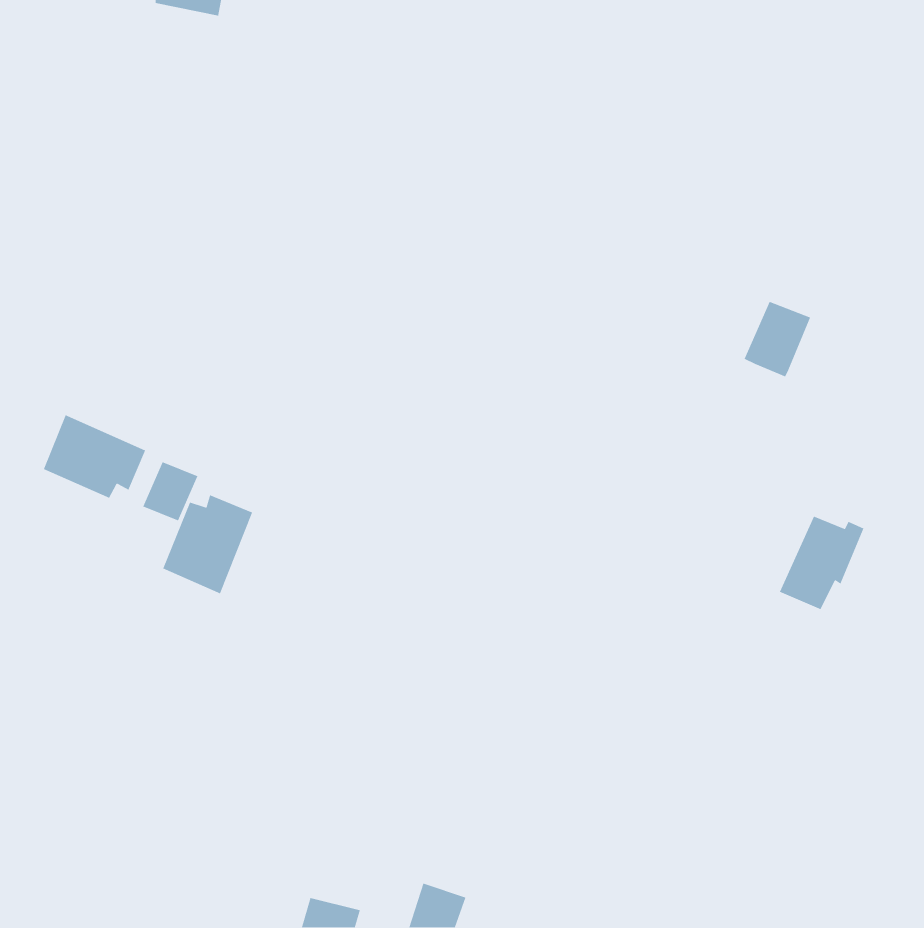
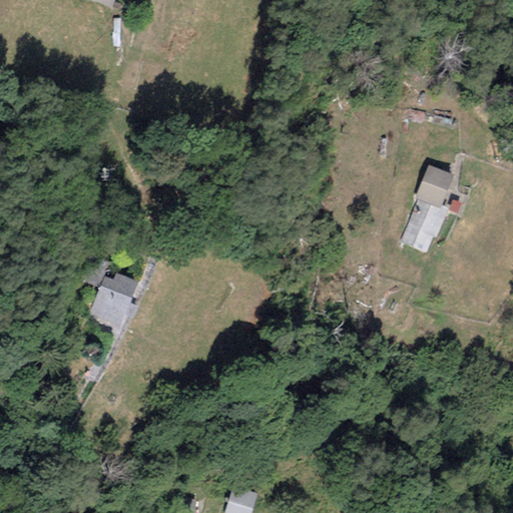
building: [43,414,146,499] -> none
building: [779,516,865,610] -> [400,200,447,252]

